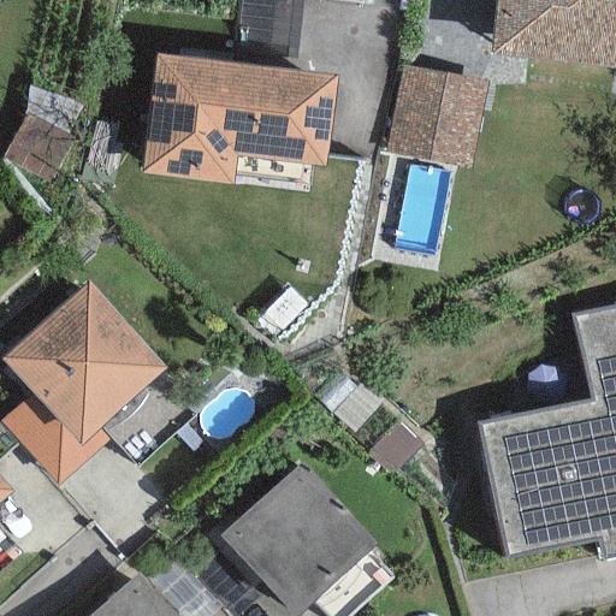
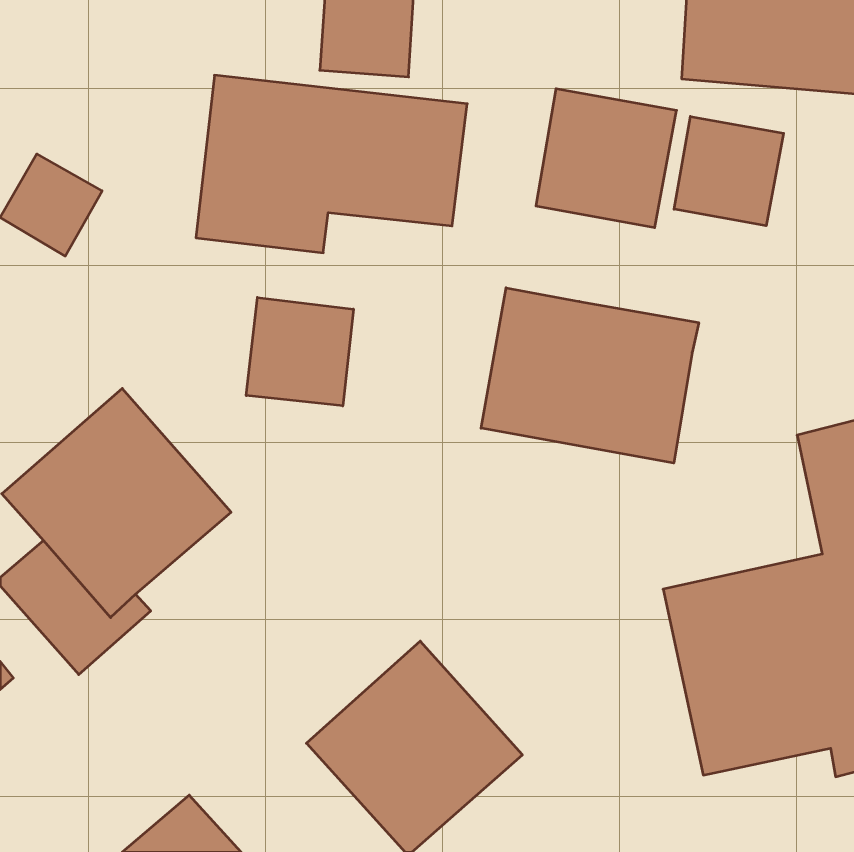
building: none -> [674,116,784,226]
building: none -> [481,288,699,463]
building: none -> [246,297,353,406]

